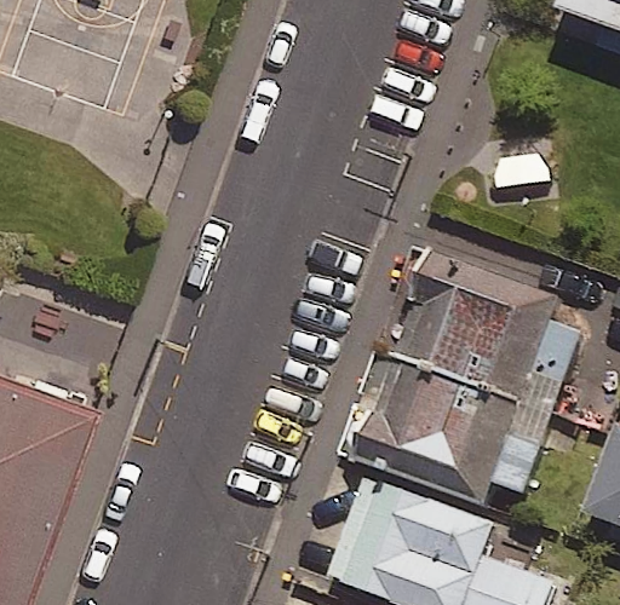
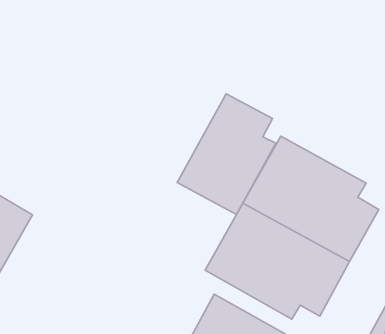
building: none -> [177,94,276,214]

